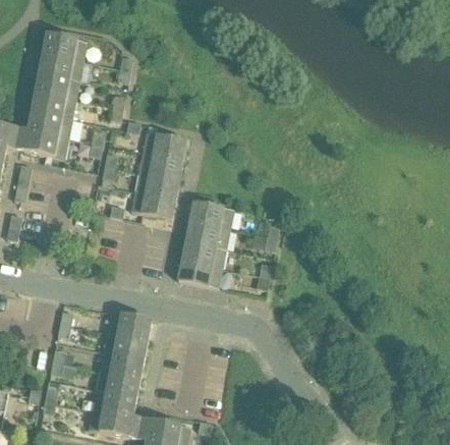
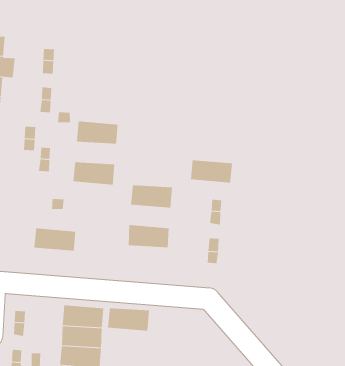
building: [139,152,183,178] -> none
building: [131,190,175,218] -> [34,228,76,251]
building: [185,220,229,247] -> [190,160,233,183]
building: [178,260,222,287] -> [107,308,150,331]

